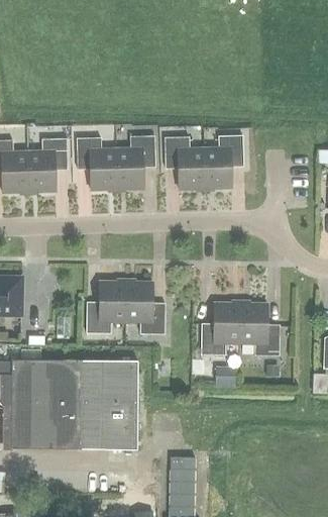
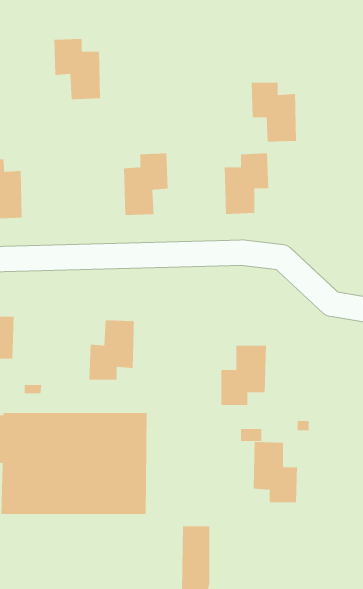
building: [76,136,117,190] -> [53,38,101,100]
building: [165,136,205,189] -> [251,82,297,142]
building: [27,137,67,191] -> none
building: [125,279,165,333] -> none
building: [240,302,280,355] -> [253,441,298,503]

